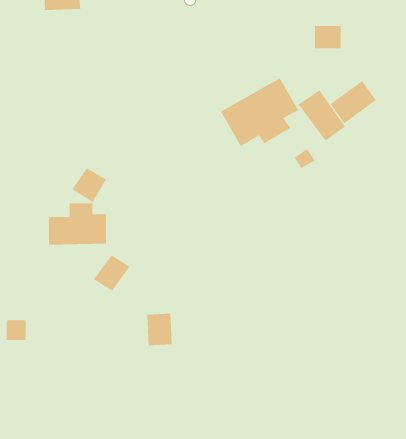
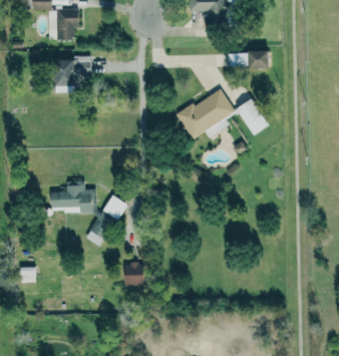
building: none -> [54,57,91,92]
building: [330,80,377,124] -> none
building: [71,167,107,203] -> [102,195,128,221]

